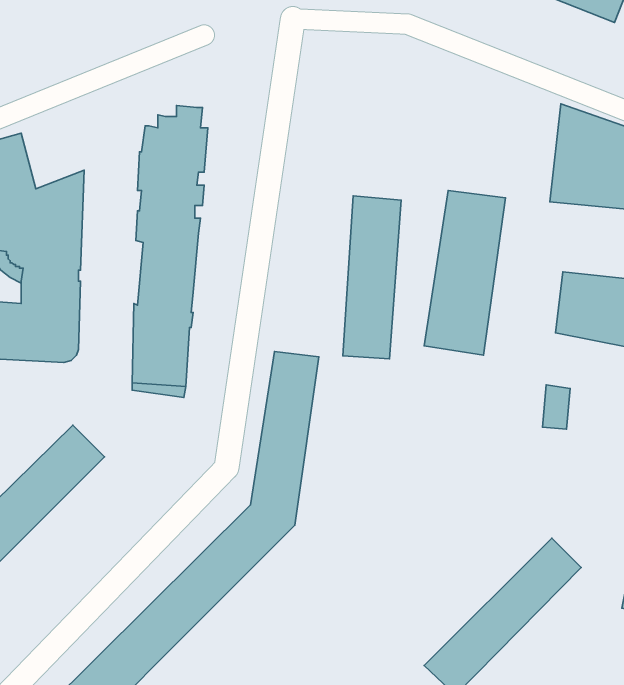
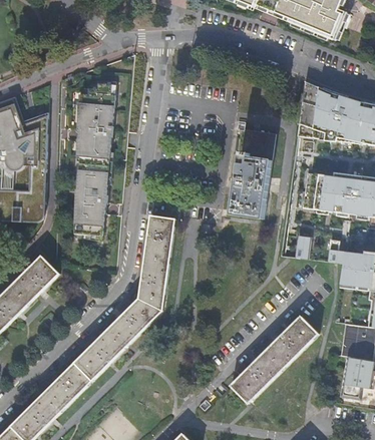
building: [343,196,401,359] -> none

